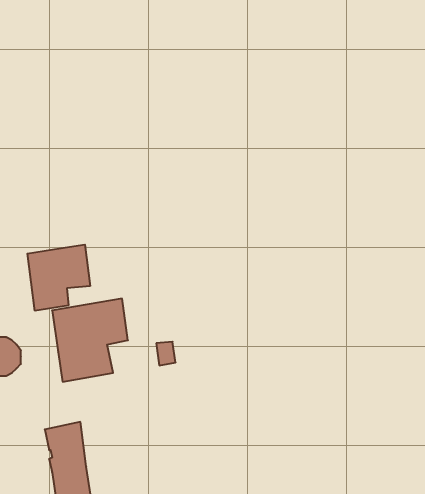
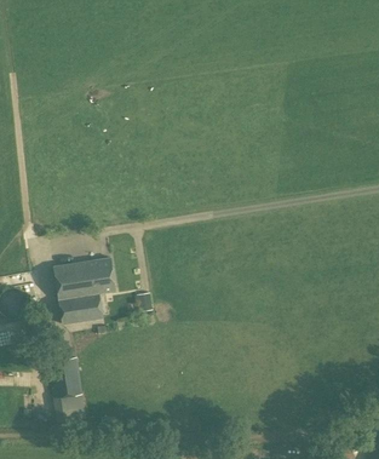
building: [27,245,90,311] -> none

